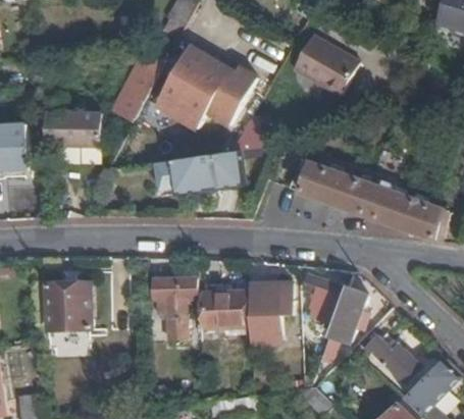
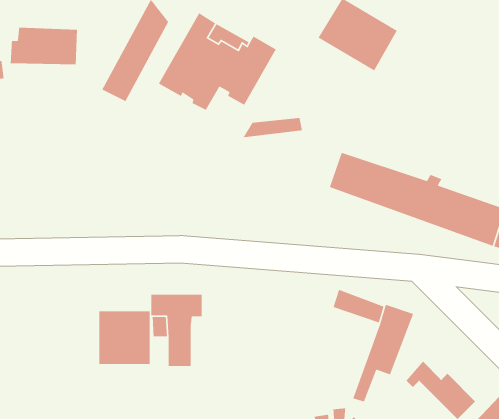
building: [43,111,99,143] -> [10,27,78,65]
building: [159,153,247,195] -> none
building: [251,282,293,338] -> none
building: [45,283,88,328] -> [99,310,151,365]
building: [202,292,244,327] -> none

